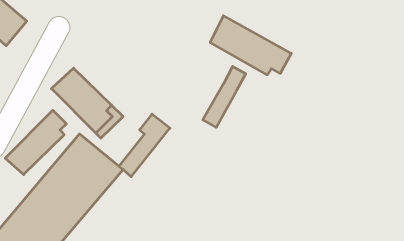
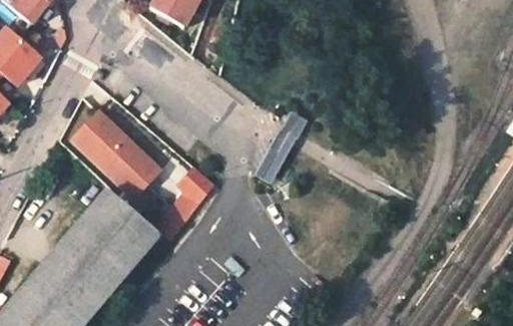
building: [210,16,291,75] -> none
building: [5,110,66,175] -> none

